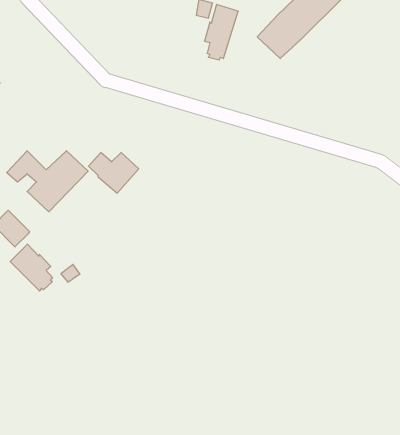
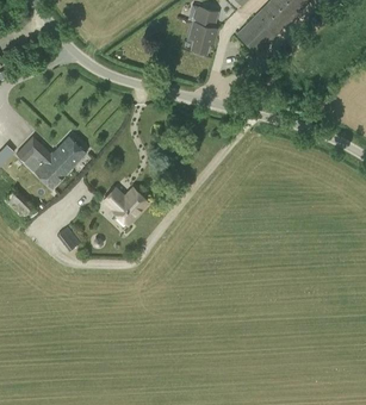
building: [89,153,139,193] -> [104,188,148,224]
building: [10,244,52,291] -> none

